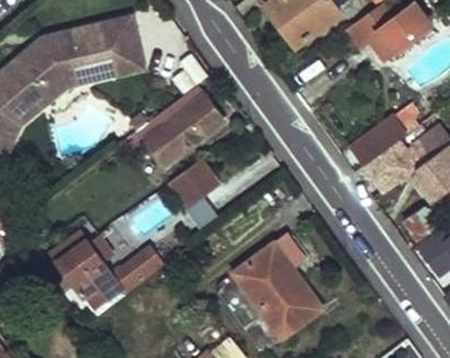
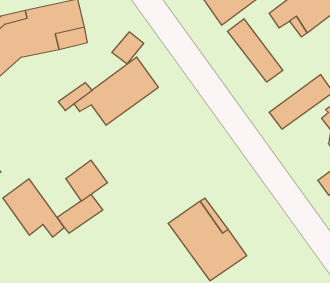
building: none -> [227,19,283,82]
building: [172,160,220,207] -> [66,160,108,201]

